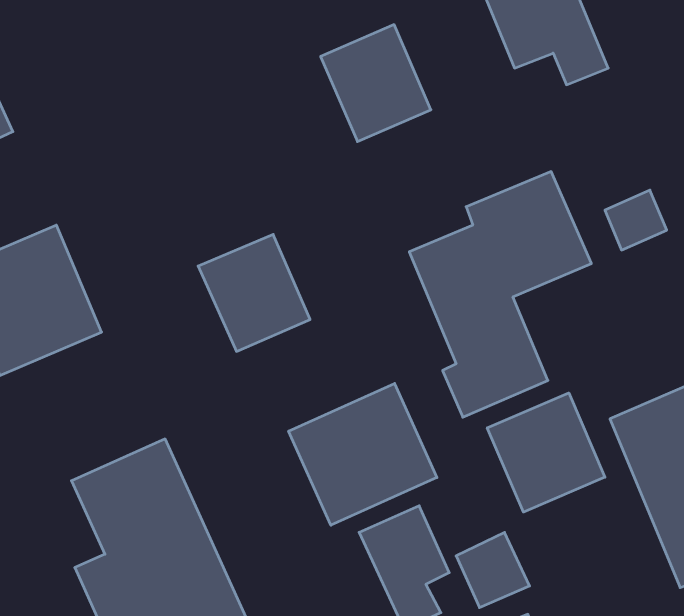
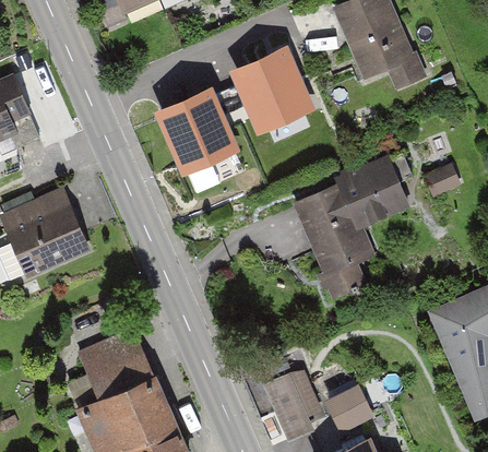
building: [198,234,310,351] -> [160,93,234,169]
building: [289,383,437,525] -> none
building: [487,393,605,512] -> none

